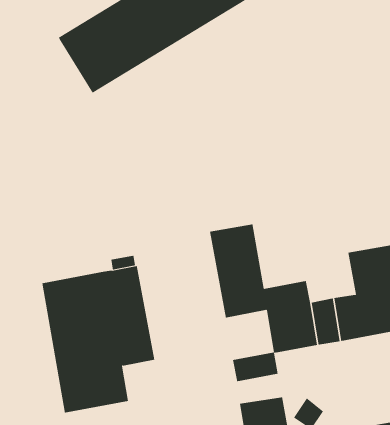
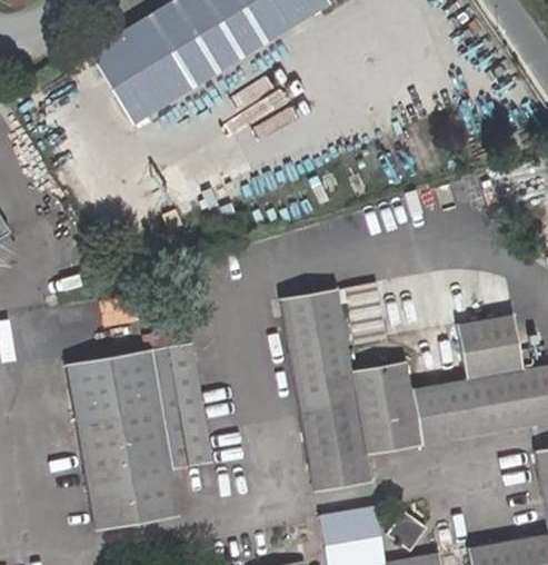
building: none -> [301,399,362,463]

